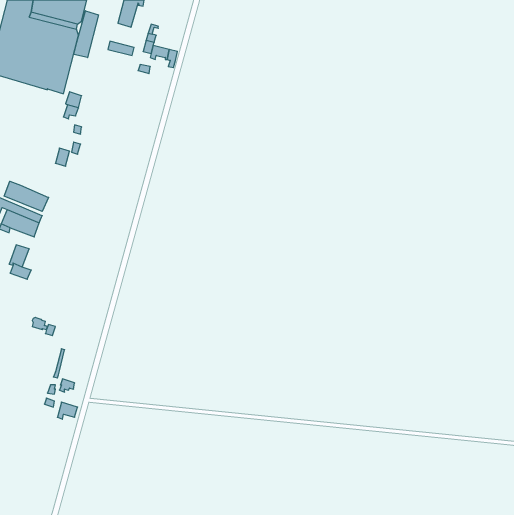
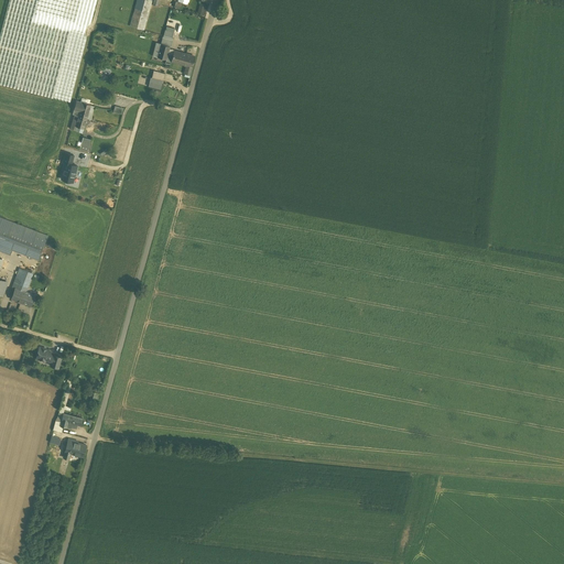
building: [74,11,99,58] -> none
building: [4,181,49,211] -> none

